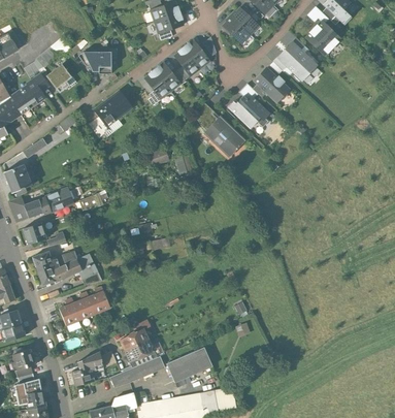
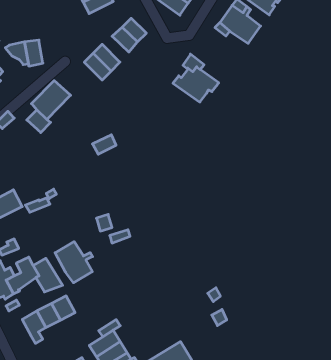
building: [253,68,288,102] -> none
building: [203,117,244,158] -> none
building: none -> [55,242,93,283]

